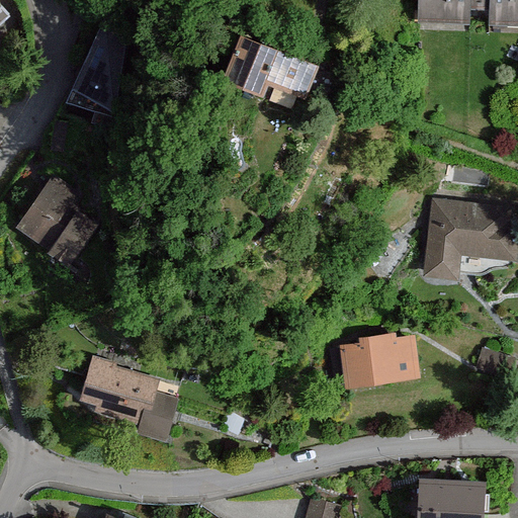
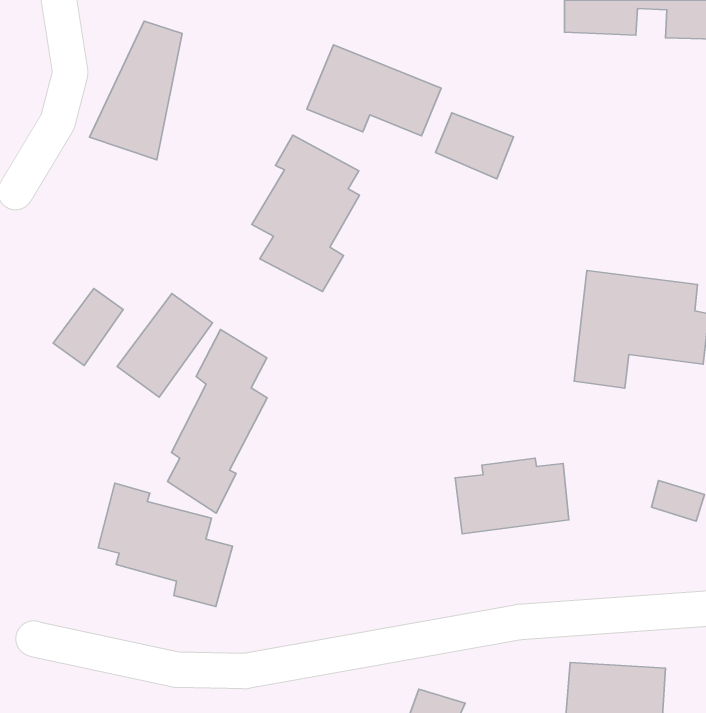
building: none -> [436,113,514,179]
building: none -> [252,135,360,291]
building: [13,174,82,249] -> [117,293,212,397]
building: none -> [168,329,267,513]

